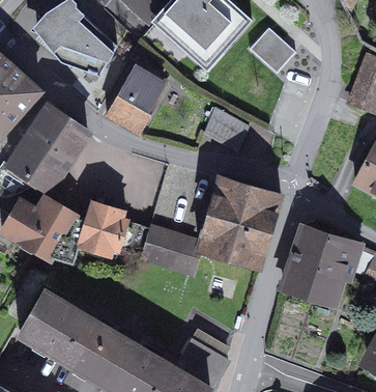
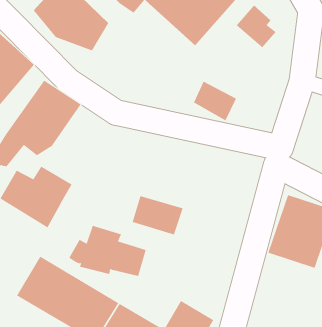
building: [107,61,166,129] -> none
building: [198,177,281,268] -> none
building: [67,202,149,256] -> [68,225,147,277]

